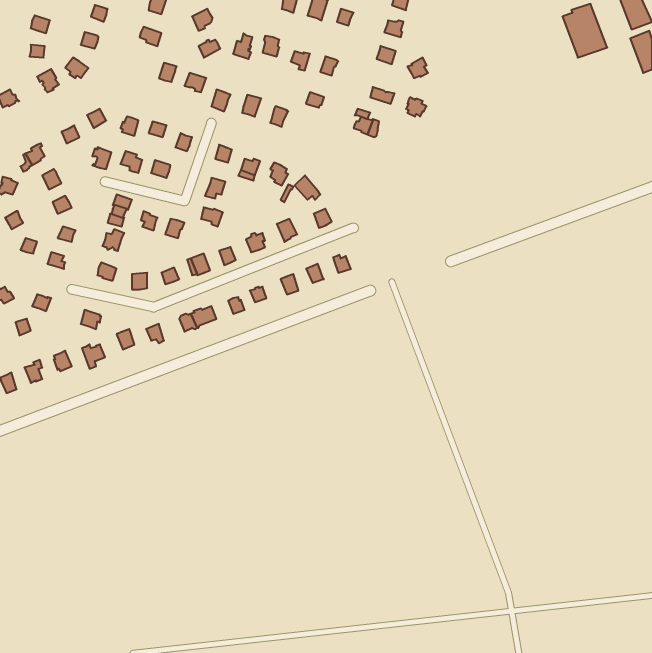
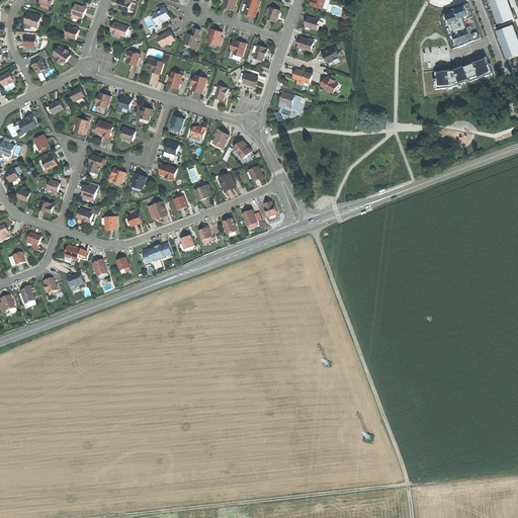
building: none -> [433,56,493,88]

